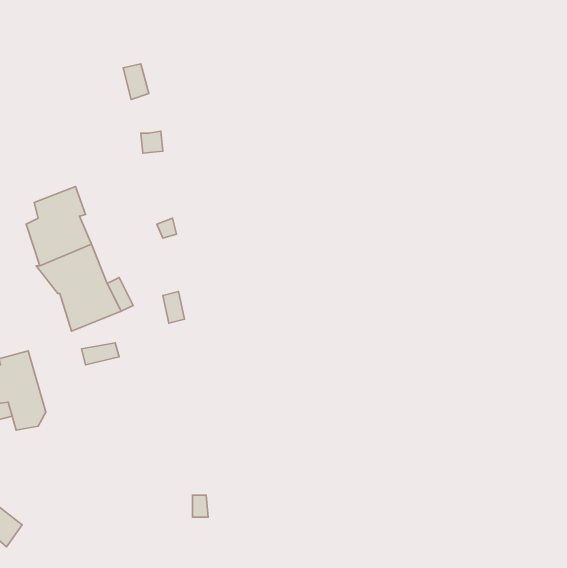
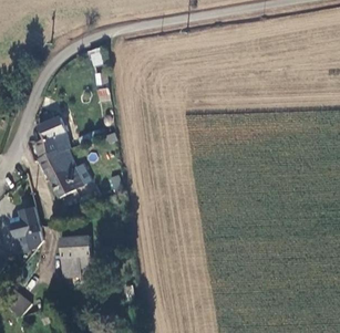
building: none -> [62,235,89,275]

